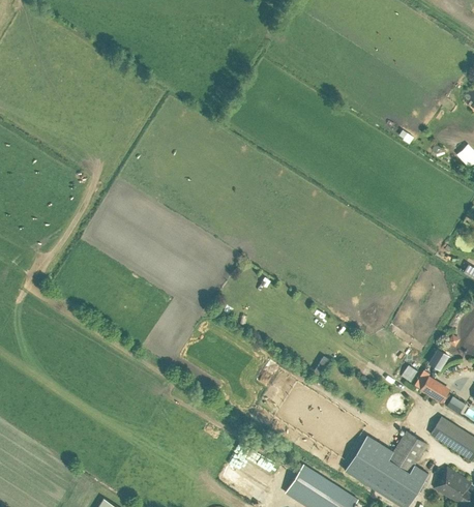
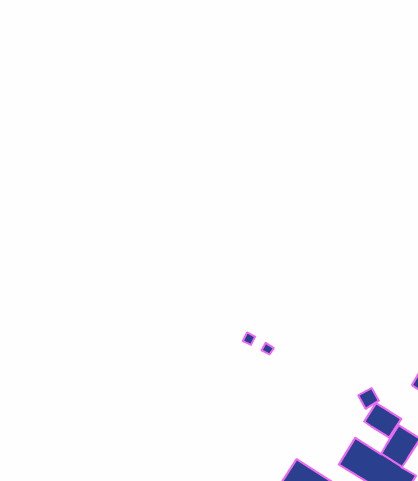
building: none -> [364,403,401,438]

